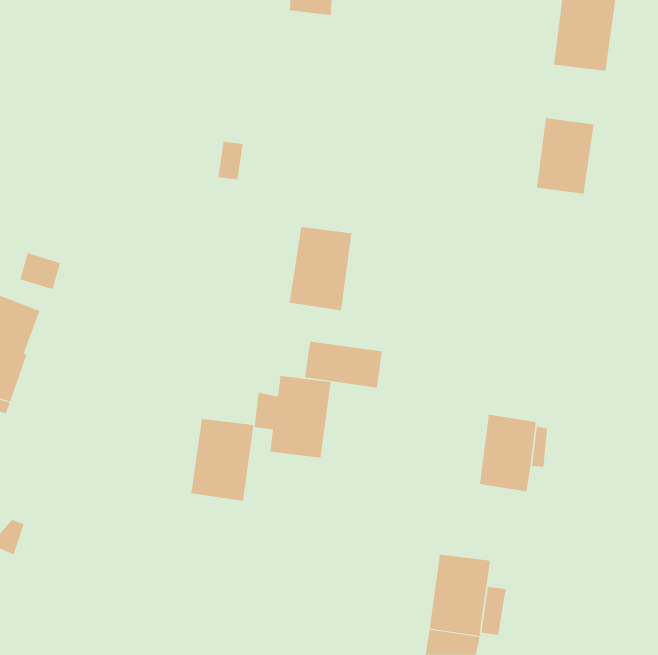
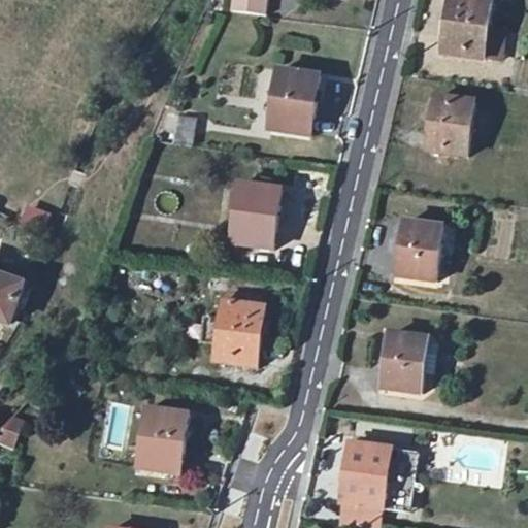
building: none -> [268,67,319,134]
building: none -> [396,219,442,279]
building: [304,341,383,389] -> none
building: [191,418,254,501] -> [137,406,188,472]

